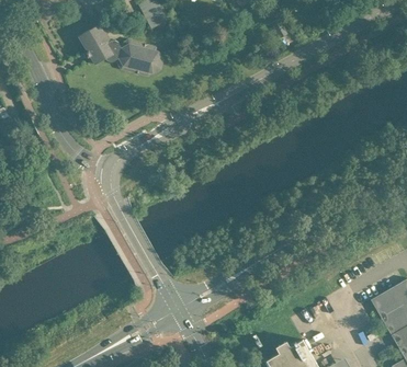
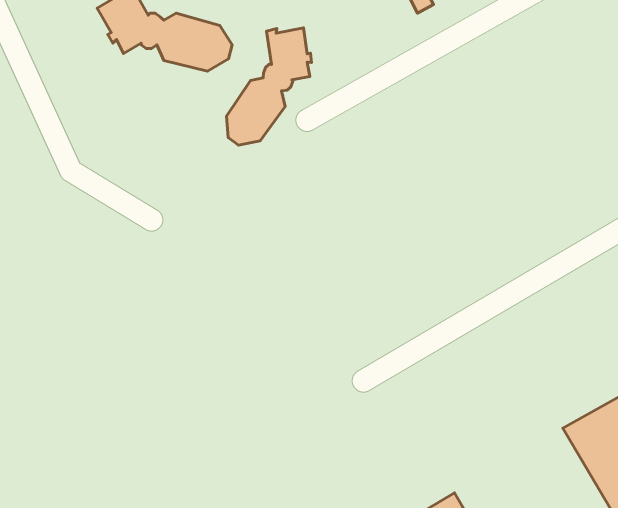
building: none -> [226,28,312,145]

